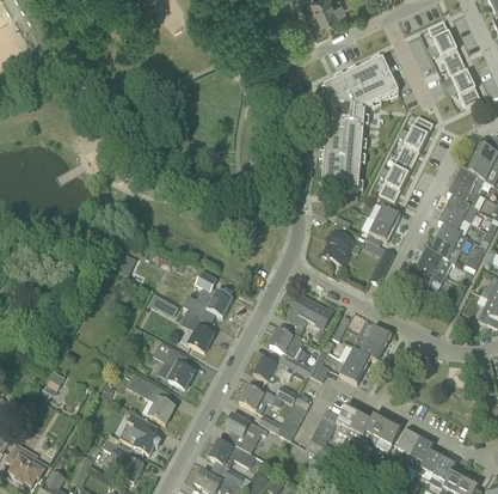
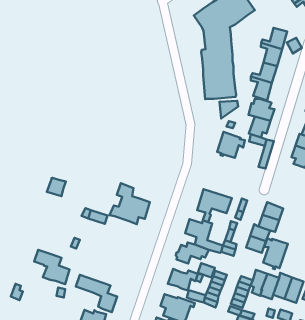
building: [180,310,214,353] -> none
building: [153,342,193,389] -> [34,250,69,284]
building: none -> [263,238,288,269]

